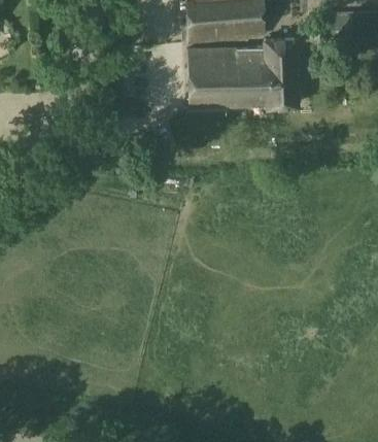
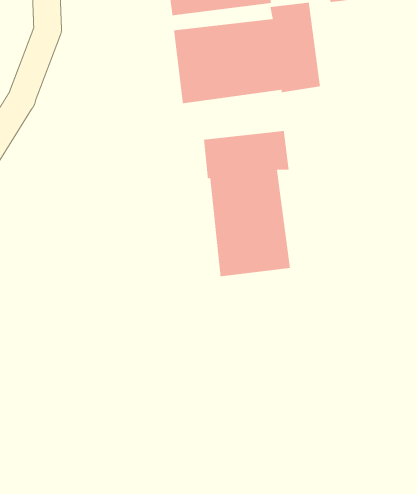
building: none -> [203,130,291,277]

